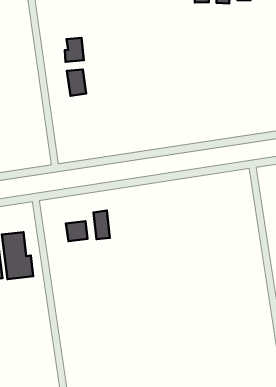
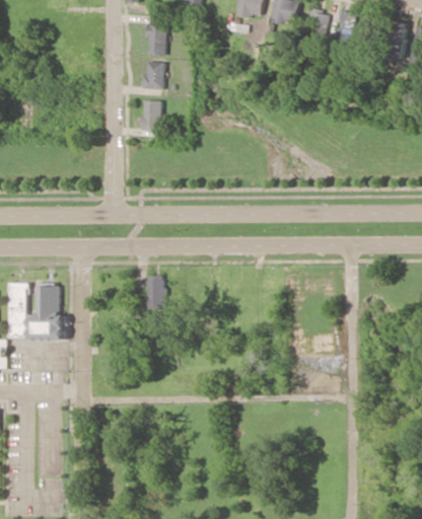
building: none -> [144,23,164,55]
building: [66,221,88,241] -> none

